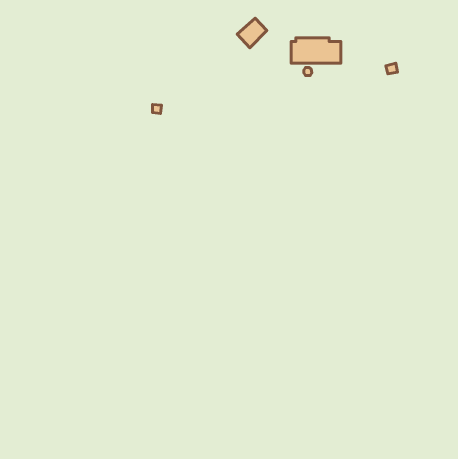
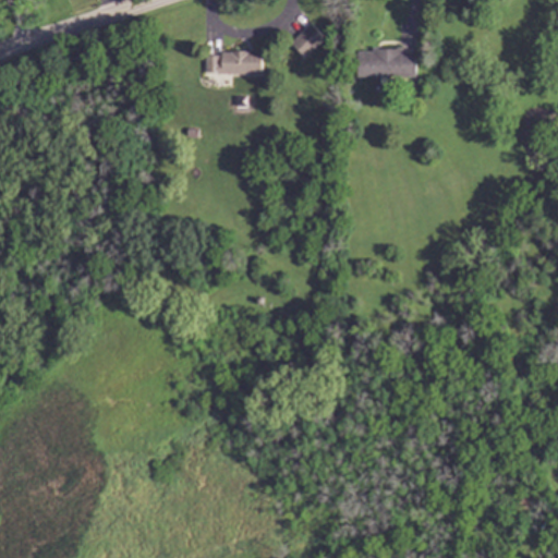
building: none -> [207,51,264,74]

